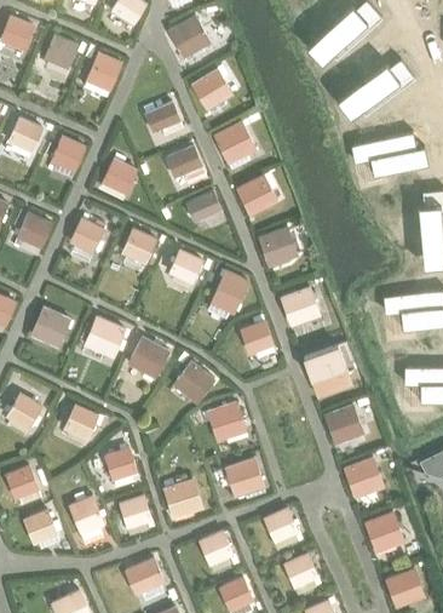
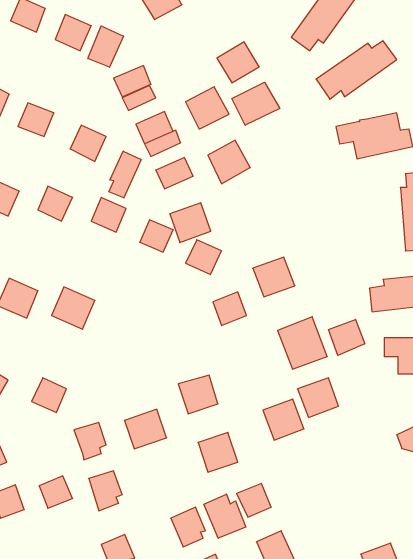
building: none -> [88,26,124,67]
building: [191,68,232,108] -> [217,42,259,83]
building: none -> [232,82,280,125]
building: none -> [109,151,141,198]
building: [258,227,298,265] -> [170,203,211,243]
building: [128,336,169,377] -> none
building: none -> [329,319,365,355]
building: [173,360,215,402] -> none
building: [344,458,384,498] -> [263,399,304,440]
building: [162,479,203,517] -> [124,409,167,449]
building: [364,512,404,552] -> none
building: none -> [204,494,246,538]

